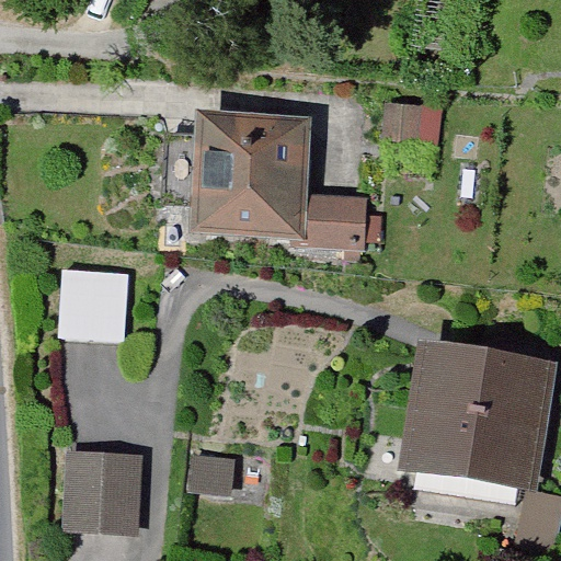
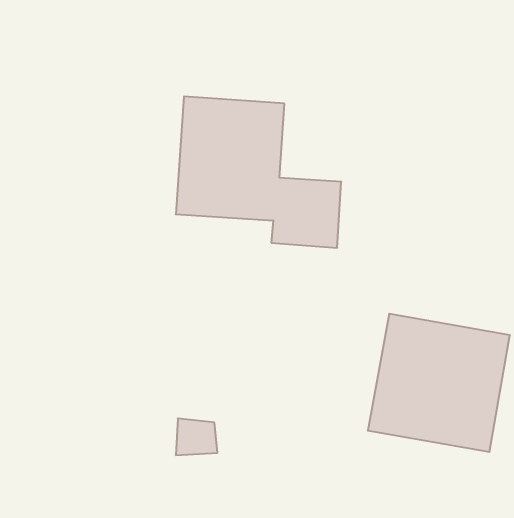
building: [60,277,128,346] -> none
building: [69,458,140,534] -> none

